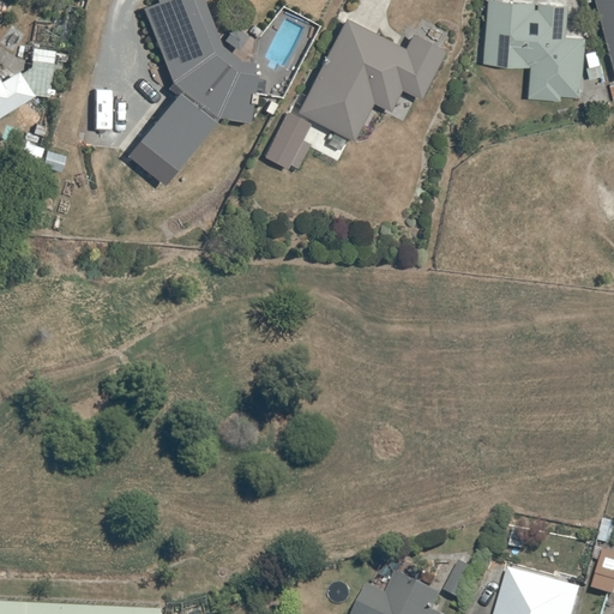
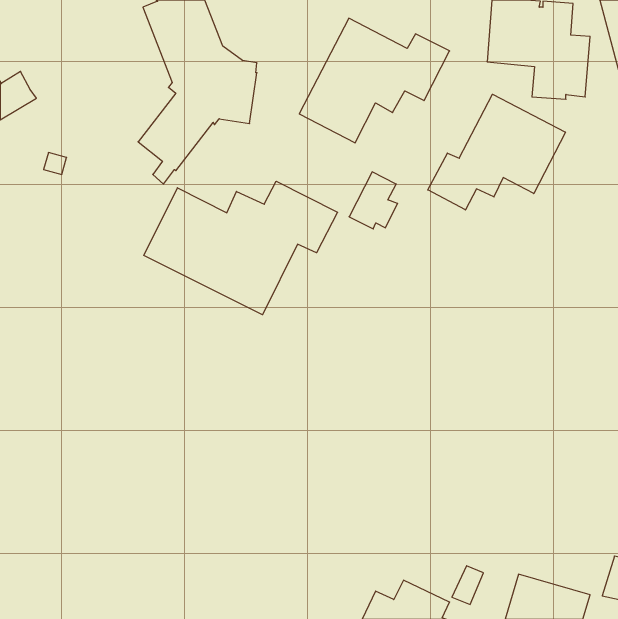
building: none -> [428,94,565,210]
building: [265,114,313,170] -> [349,172,398,229]
building: none -> [144,181,338,315]

